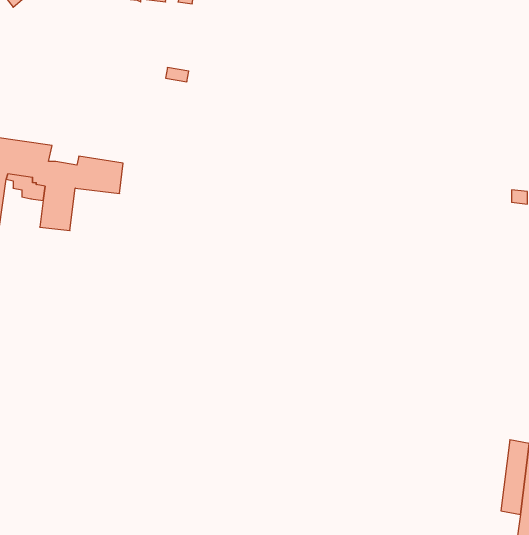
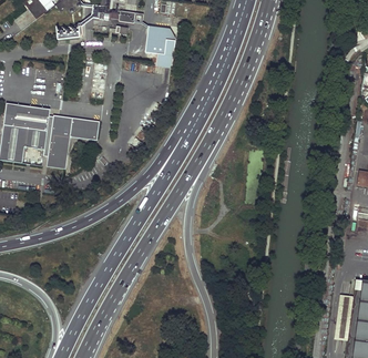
building: none -> [146,24,177,68]

